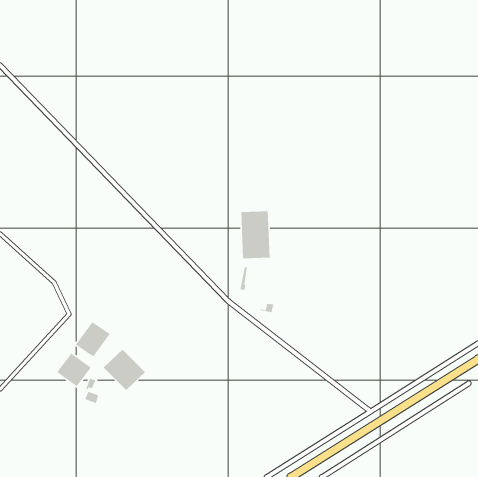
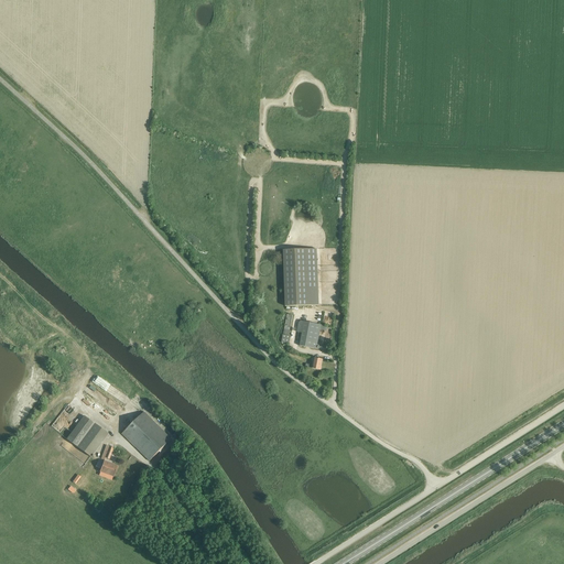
building: none -> [297,321,328,350]
building: [75,321,111,358] -> none

